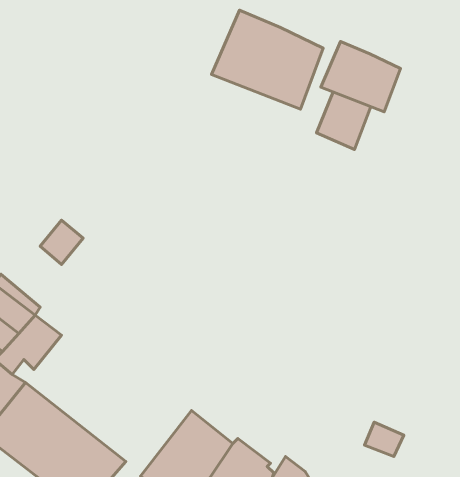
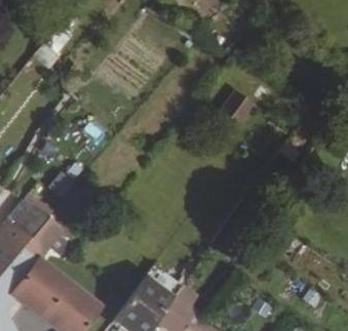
building: [212,10,323,109] -> none
building: [321,42,400,112] -> none

